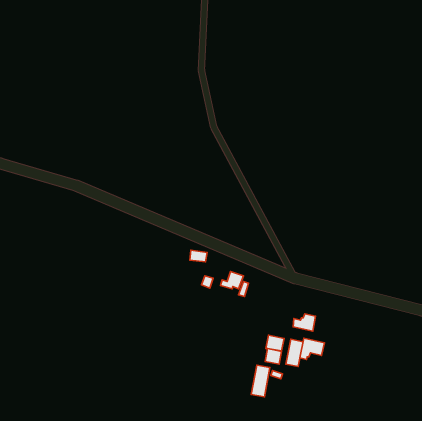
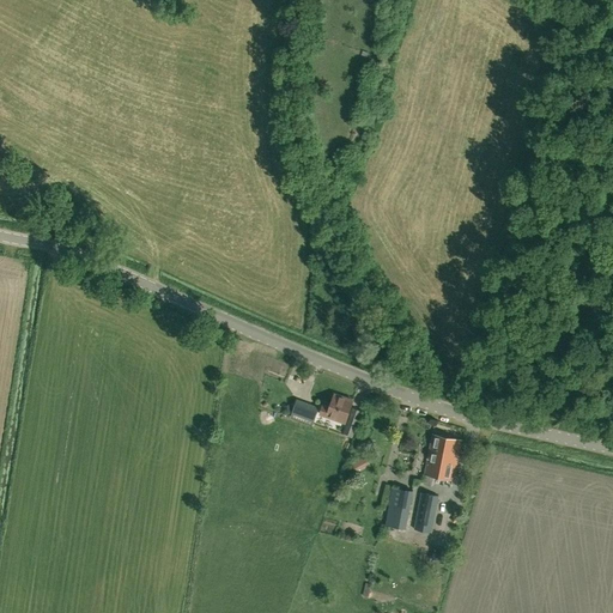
building: [300,338,325,359] -> [426,435,462,466]
building: [251,365,270,397] -> none

